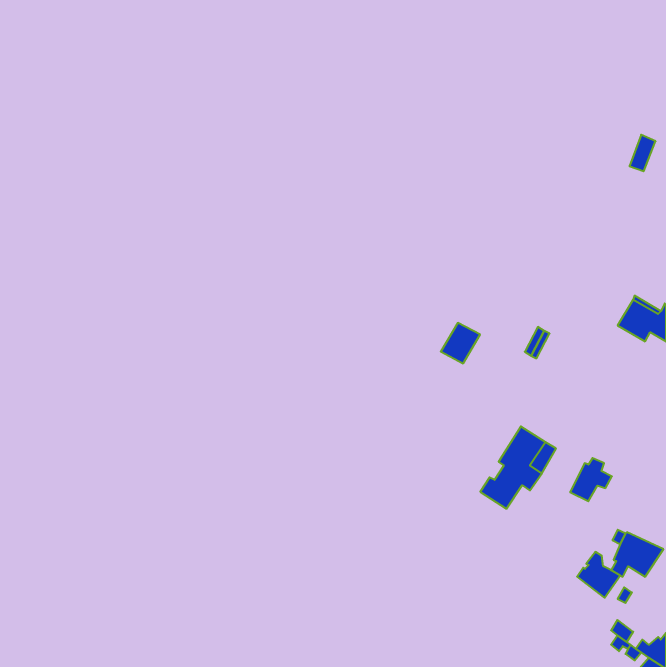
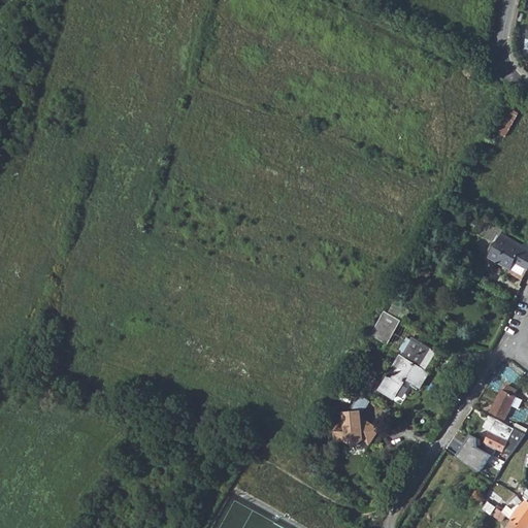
building: [441,323,480,363] -> [368,311,399,343]
building: [570,458,612,501] -> [488,386,521,420]
building: none -> [331,409,378,447]

